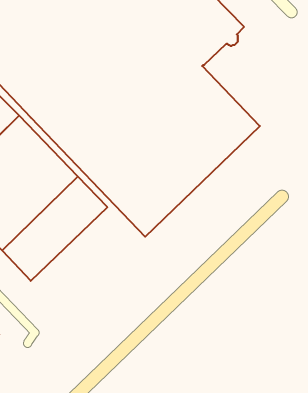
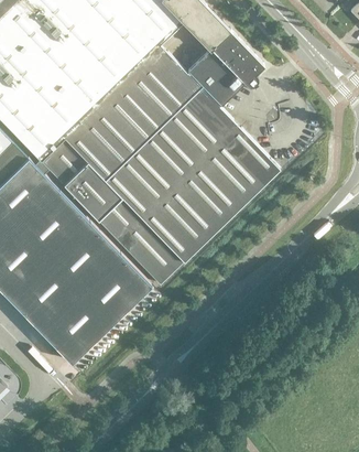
building: none -> [40,255,151,364]

